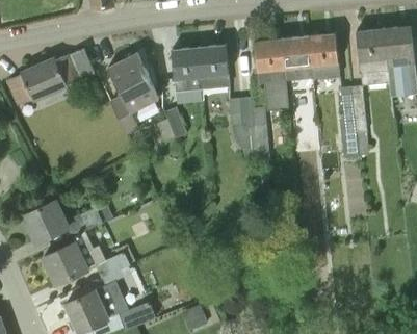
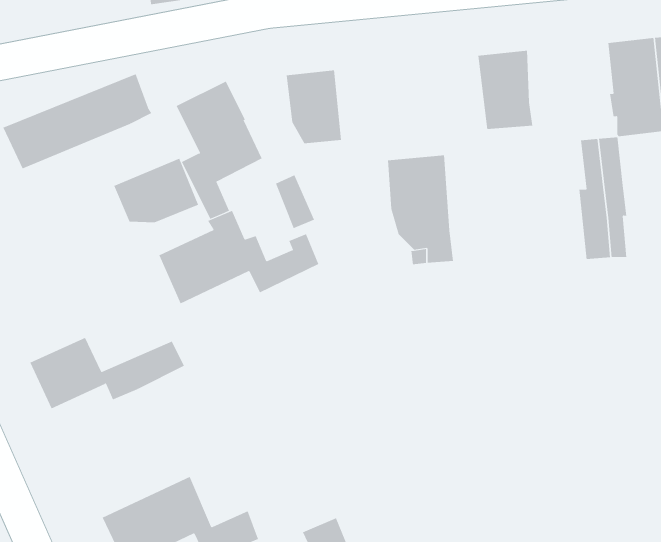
building: [310,33,339,79] -> none
building: [254,38,288,111] -> none
building: [199,44,230,87] -> none
building: none -> [113,158,199,223]
building: [43,231,135,285] -> [159,210,319,304]

